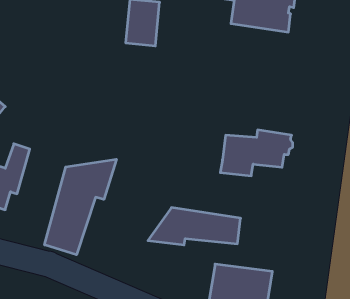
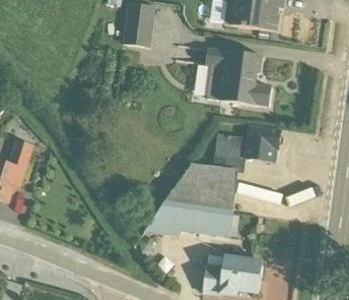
building: none -> [205,48,272,107]
building: [45,159,116,255] -> none
building: none -> [166,163,237,209]

